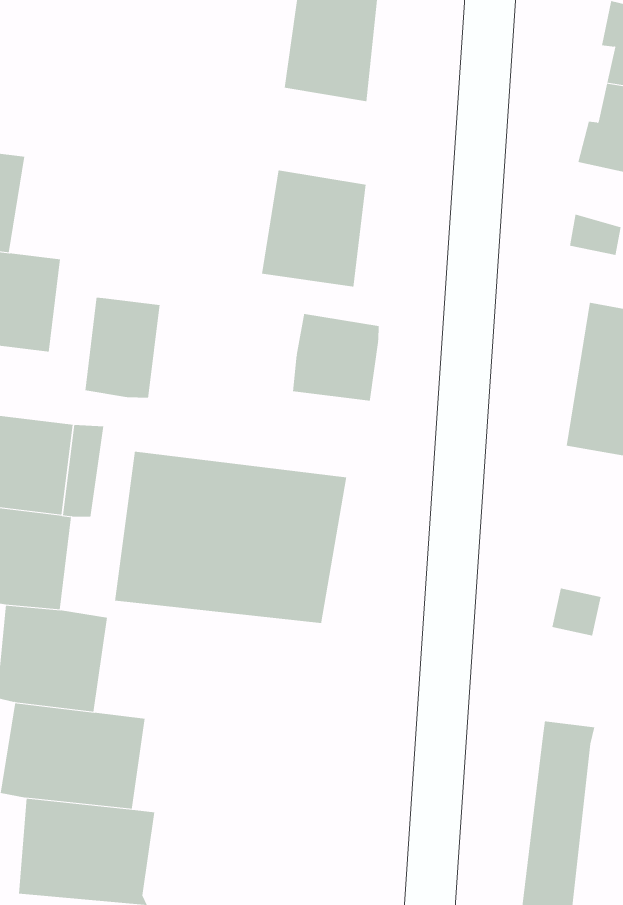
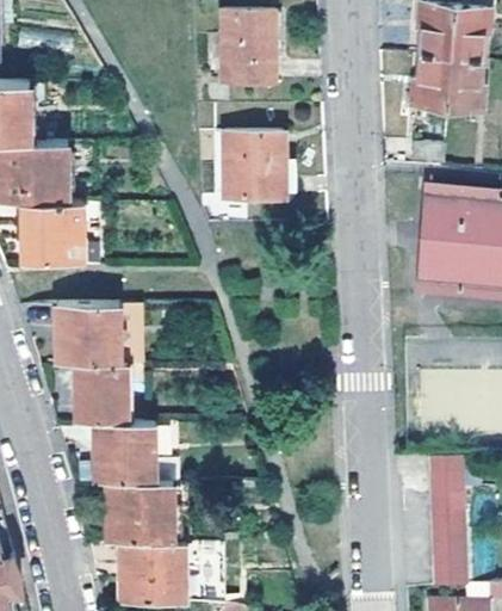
building: [85,297,160,399] -> none
building: [293,313,379,402] -> none
building: [115,451,347,624] -> none

